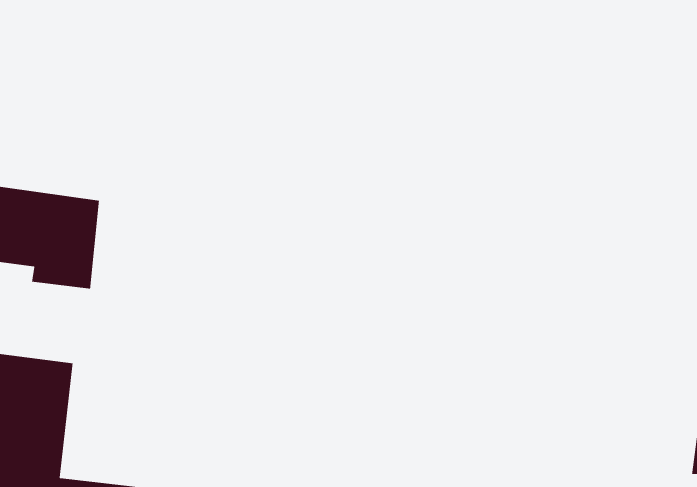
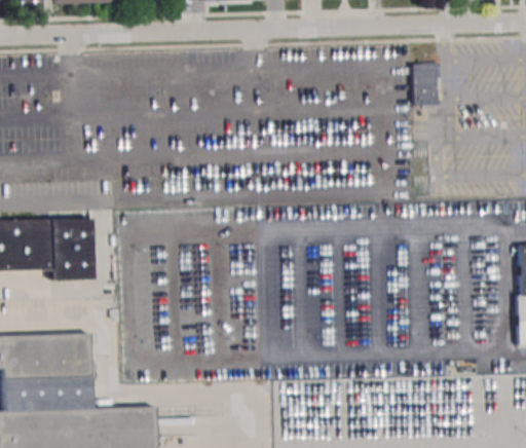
building: none -> [412,63,438,104]

